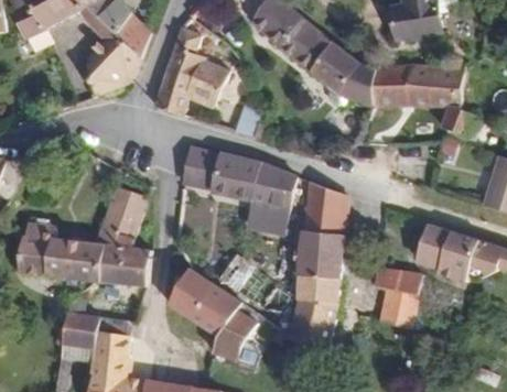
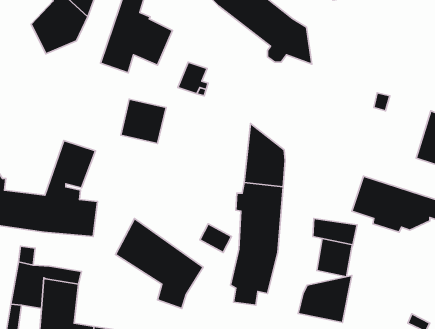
building: [368,65,476,137] -> none
building: [213,152,295,233] -> none
building: none -> [298,276,352,322]

